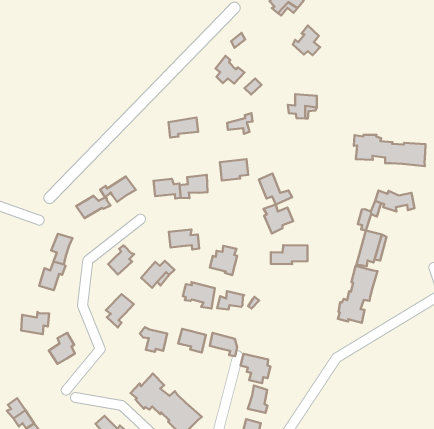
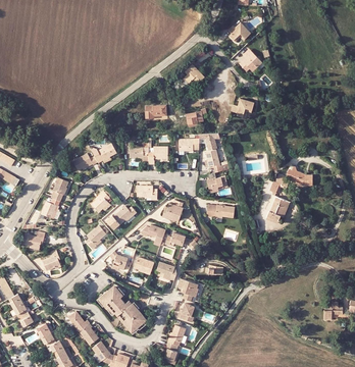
building: [354,135,426,166] -> none
building: [338,266,377,323] -> none

